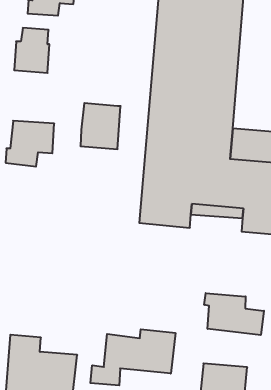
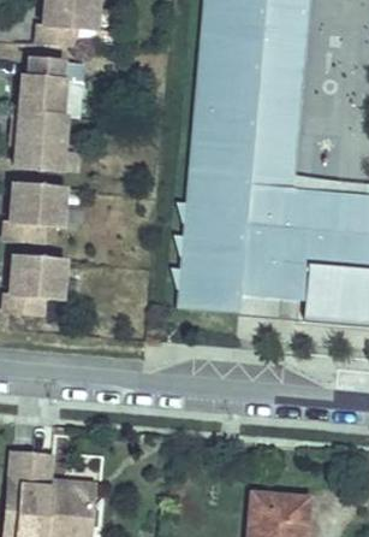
building: [80,103,121,149] -> [14,117,65,175]
building: none -> [7,253,69,309]
building: [204,293,264,335] -> none
building: [90,329,175,385] -> none

